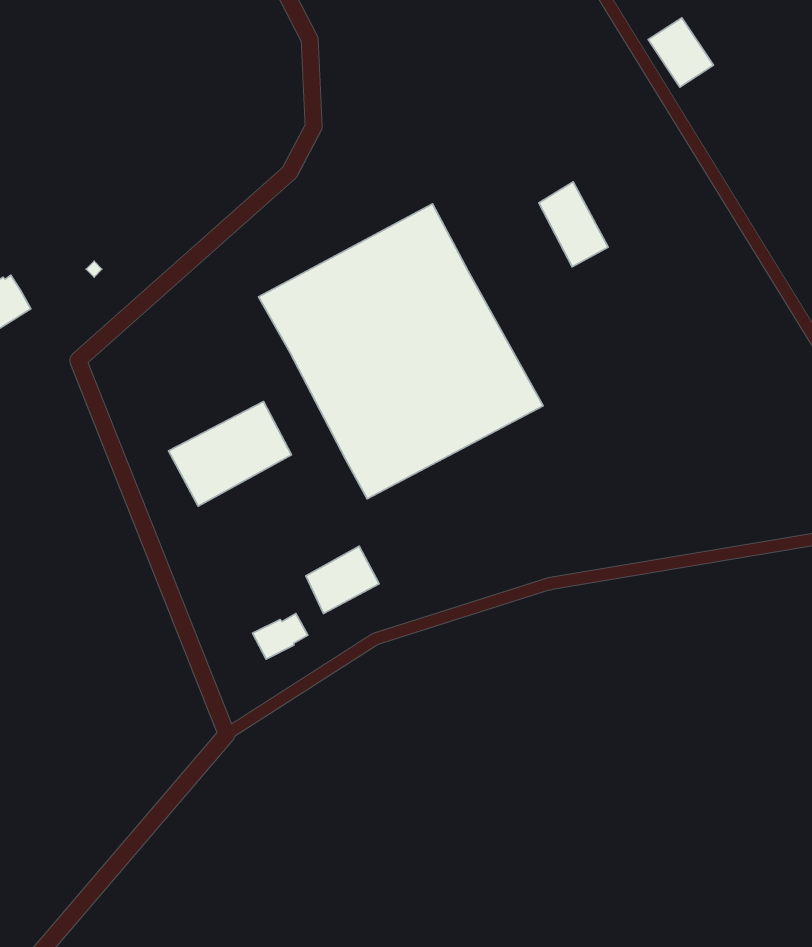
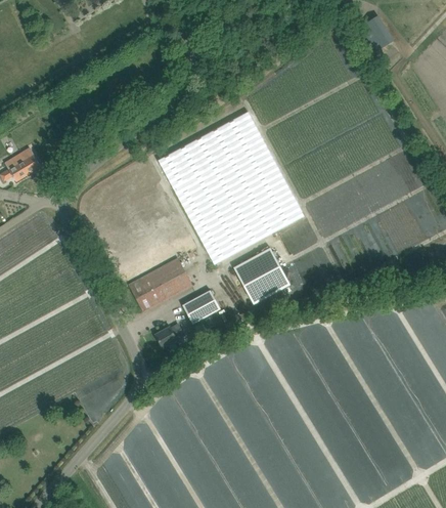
building: [539,182,608,267] -> none
building: [169,401,291,506] -> [128,258,191,312]
building: none -> [233,247,289,304]

